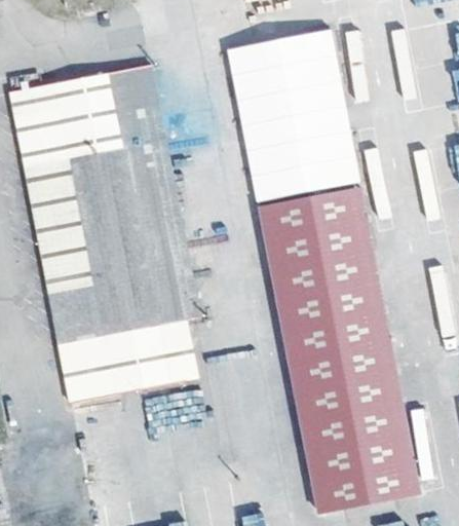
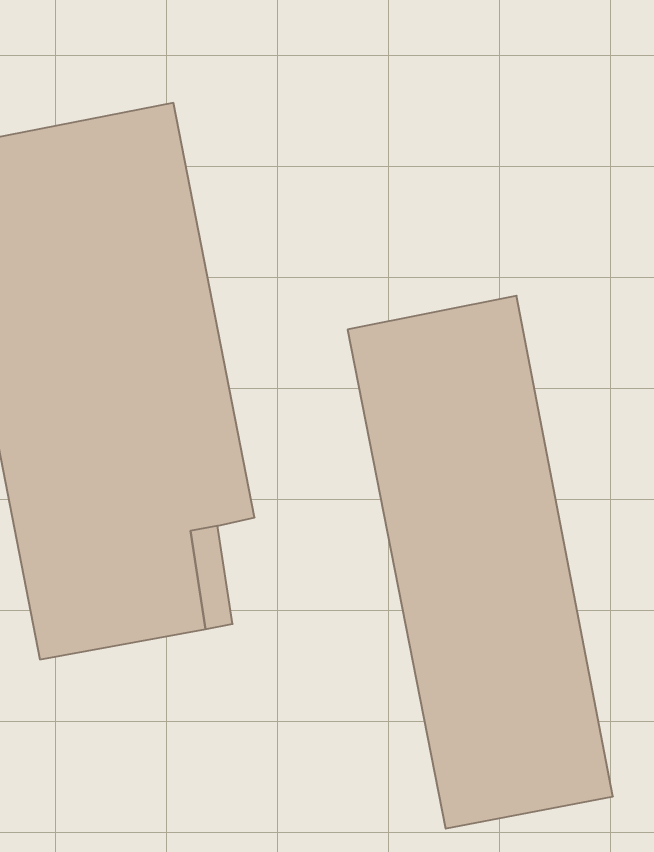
building: [227,29,358,201] -> none

